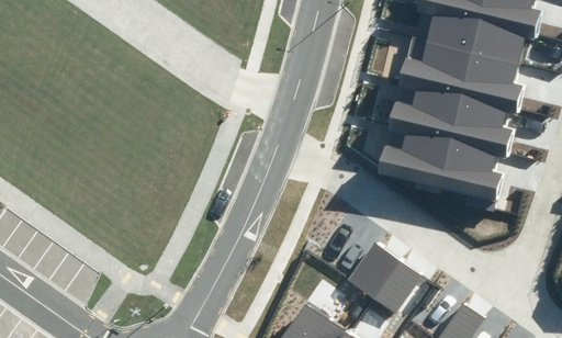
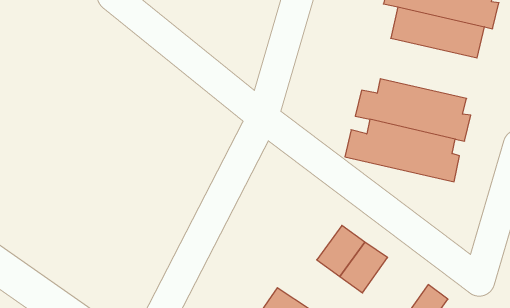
building: [398,45,520,111] -> none

